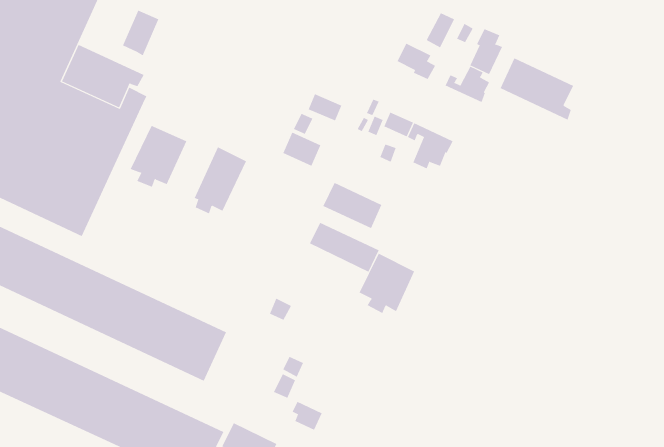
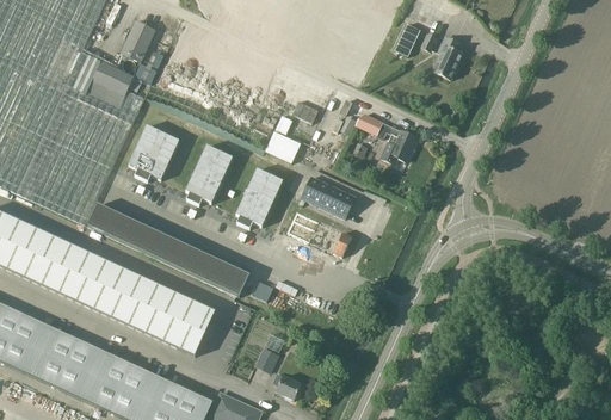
building: [397,43,436,80] -> none
building: [500,58,574,120] -> none
building: [445,66,490,103] -> none
building: none -> [235,167,283,227]
building: none -> [87,202,249,295]
building: [359,253,415,314] -> none

